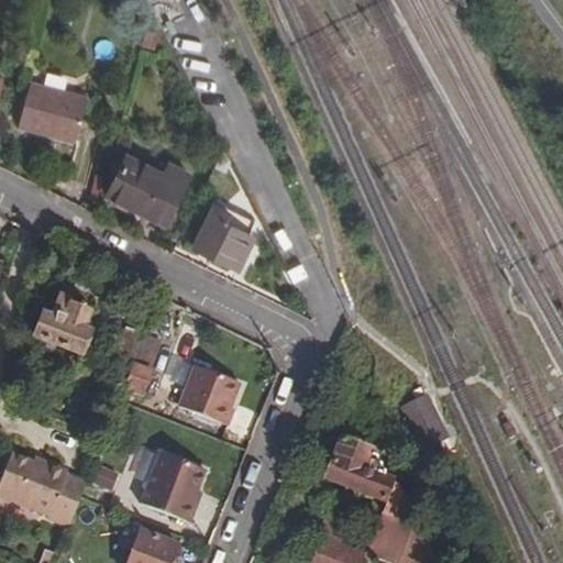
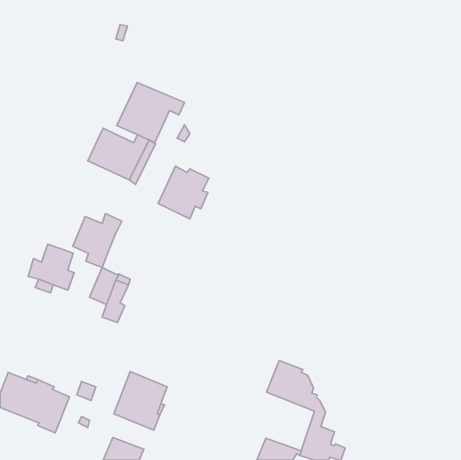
building: [19,84,87,144] -> none
building: none -> [117,82,184,143]
building: none -> [73,213,122,268]
building: [179,366,241,427] -> none
building: [400,389,450,449] -> none

